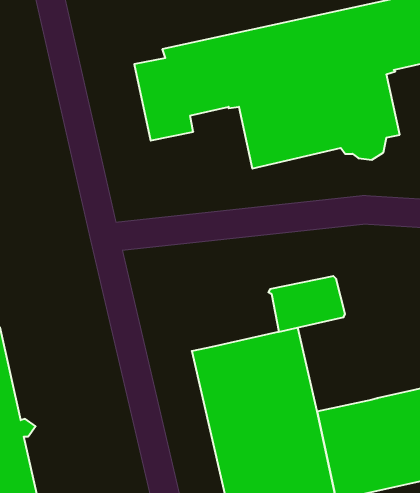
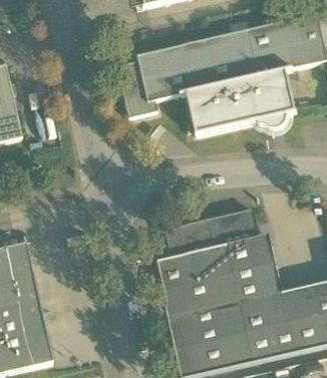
building: none -> [164,219,215,257]
building: none -> [228,237,281,301]

